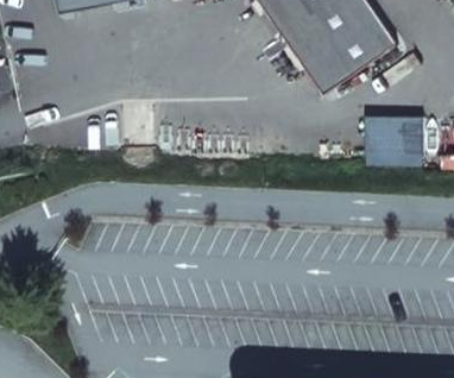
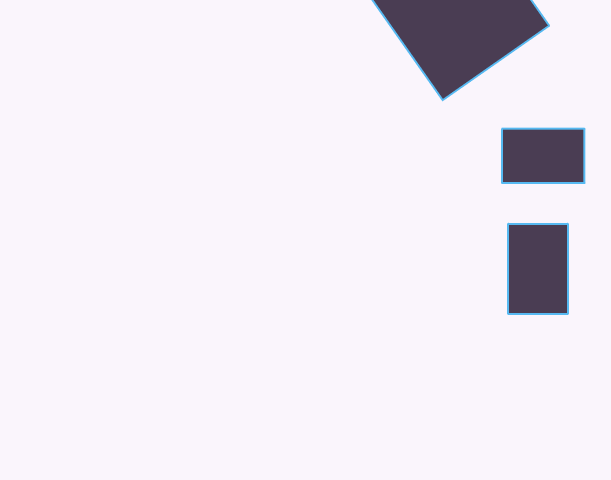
building: none -> [508,224,568,314]

